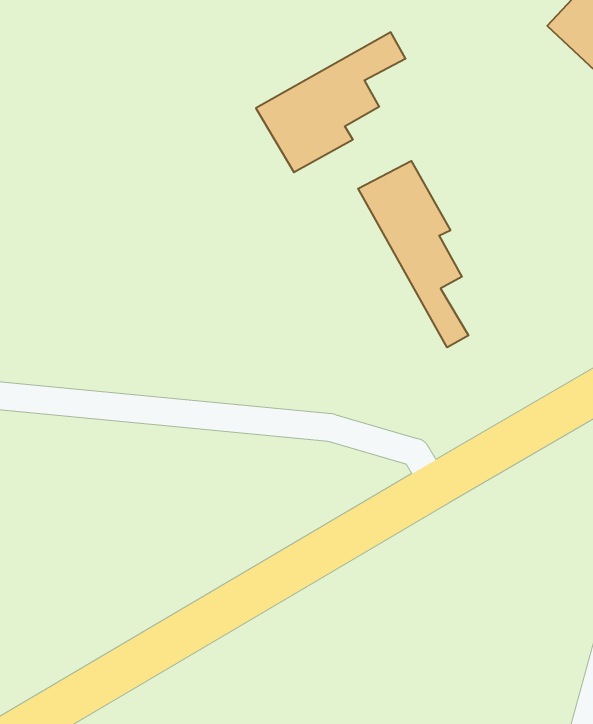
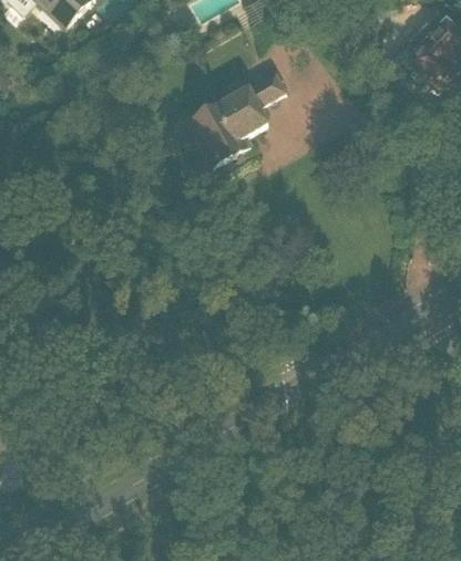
building: [358,161,468,347] -> none

